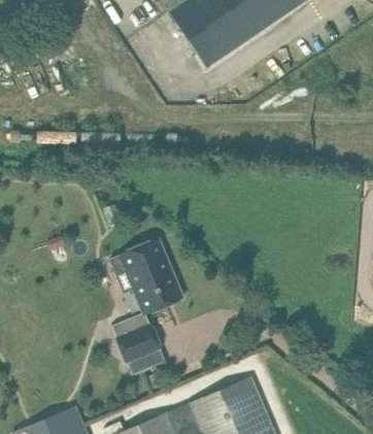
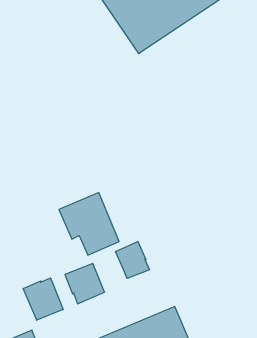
building: none -> [116,241,150,278]
building: none -> [23,278,63,320]

